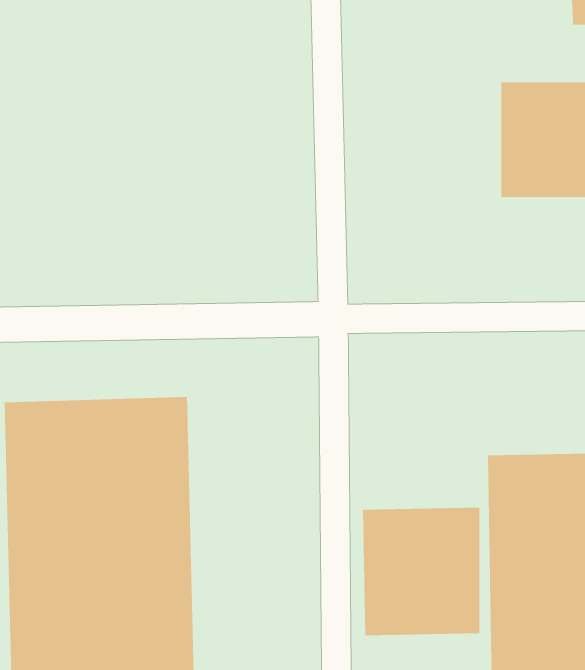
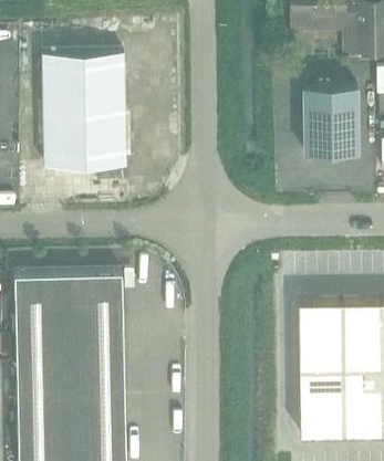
building: none -> [43,55,126,169]
building: [362,507,480,636] -> none

